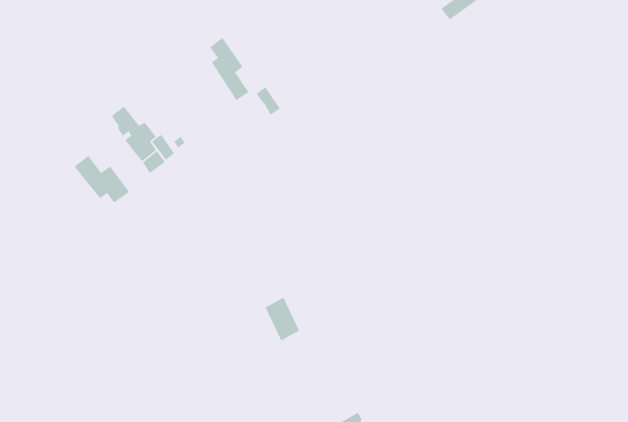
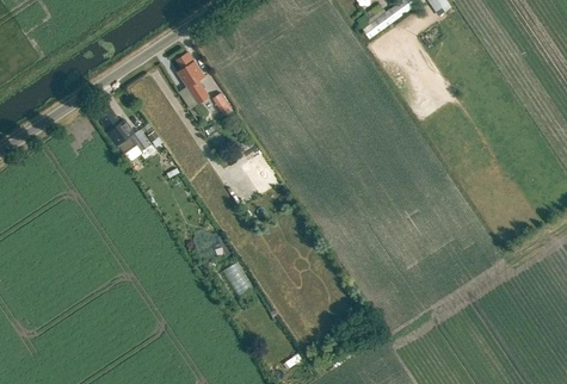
building: [74,155,130,204] -> none

